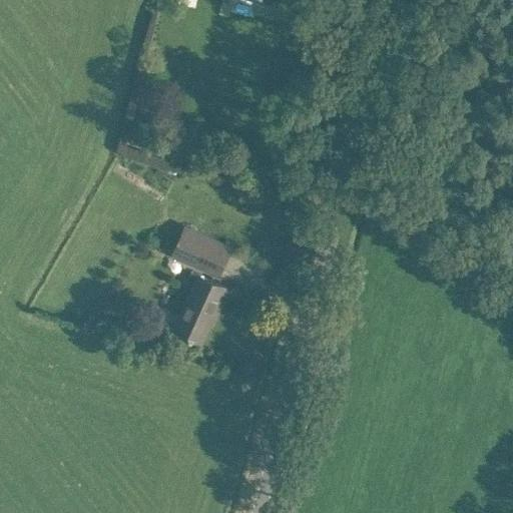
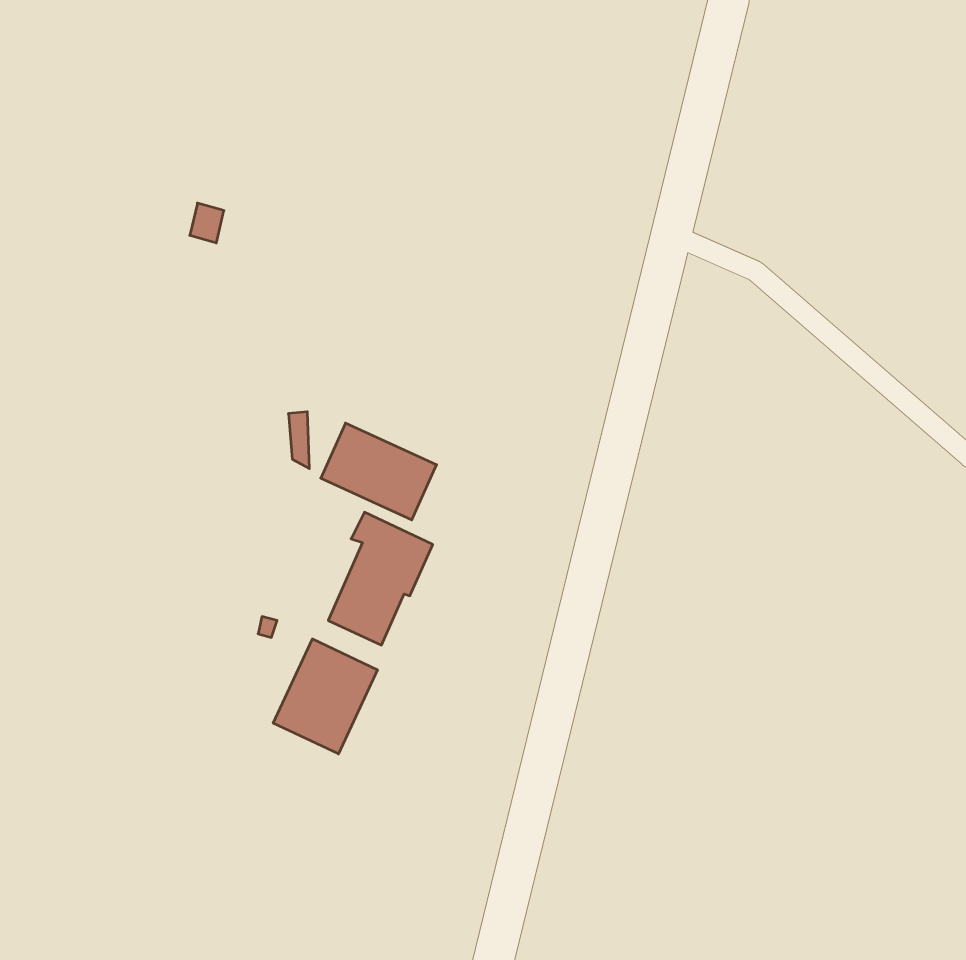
building: none -> [273,639,377,754]

